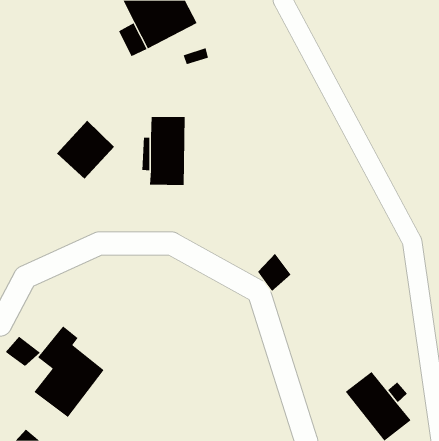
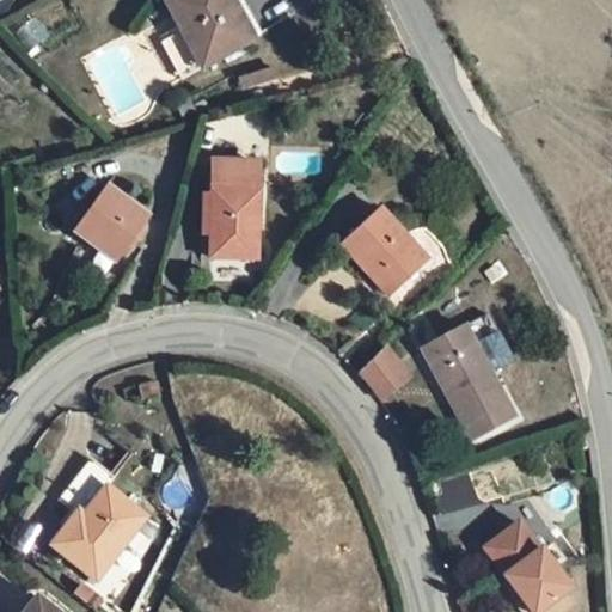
building: none -> [338,207,430,299]
building: none -> [417,308,516,437]
building: [5,336,41,367] -> none

